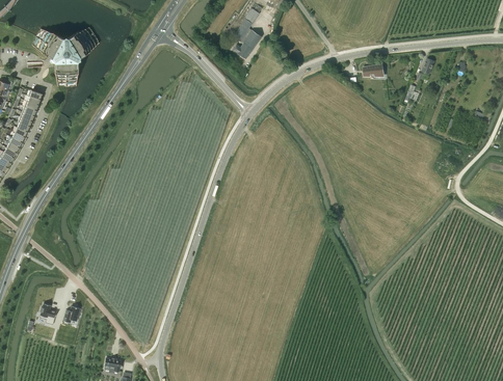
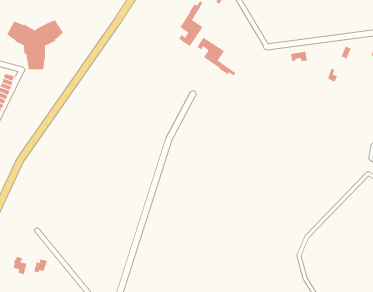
building: none -> [197,37,236,76]

